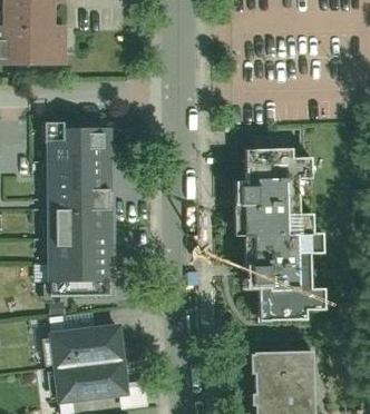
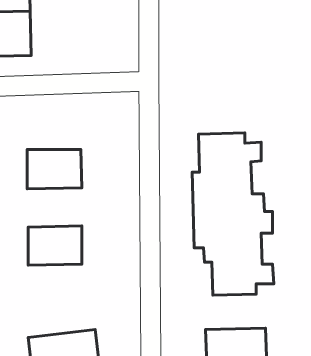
building: [52,125,110,166] -> none
building: [52,207,111,249] -> none
building: [49,323,126,368] -> none

